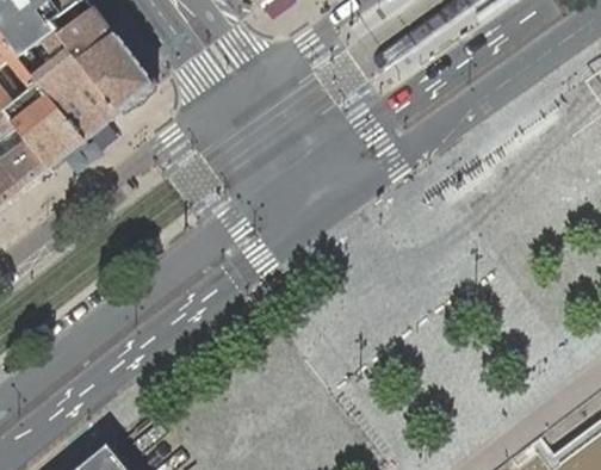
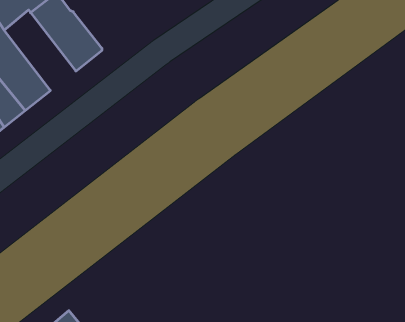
building: [17,32,114,142] -> none

